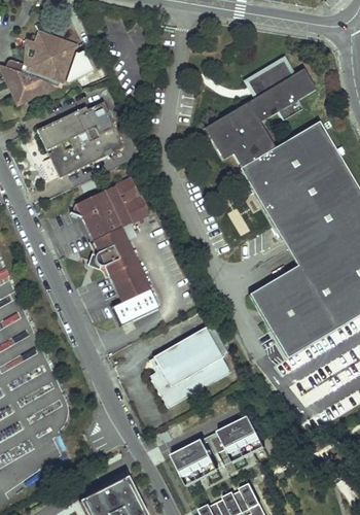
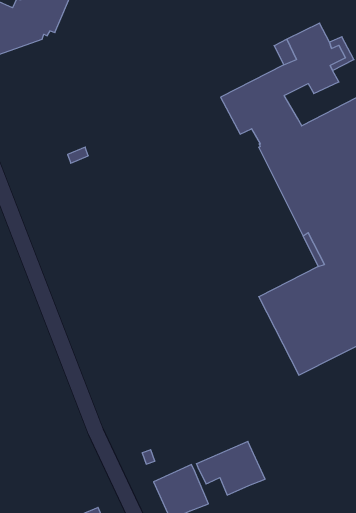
building: [36,100,124,176] -> none
building: [72,175,157,323] -> none
building: [147,327,229,407] -> none

